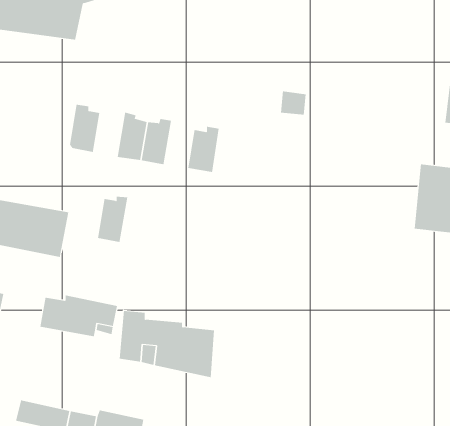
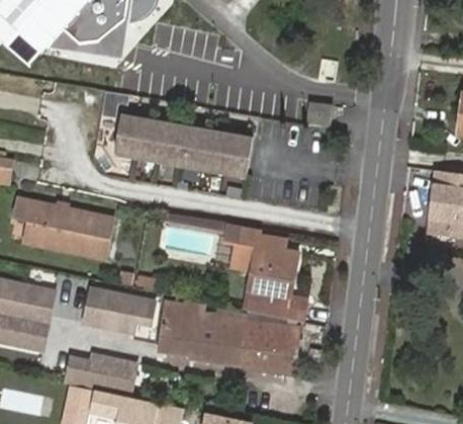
building: none -> [200,131,227,174]
building: [97,196,128,242] -> [135,121,164,164]
building: none -> [225,226,307,320]
building: none -> [244,323,299,371]
building: none -> [64,355,136,395]

